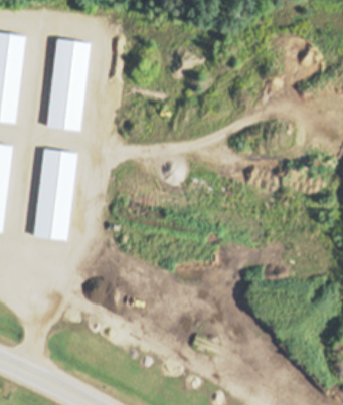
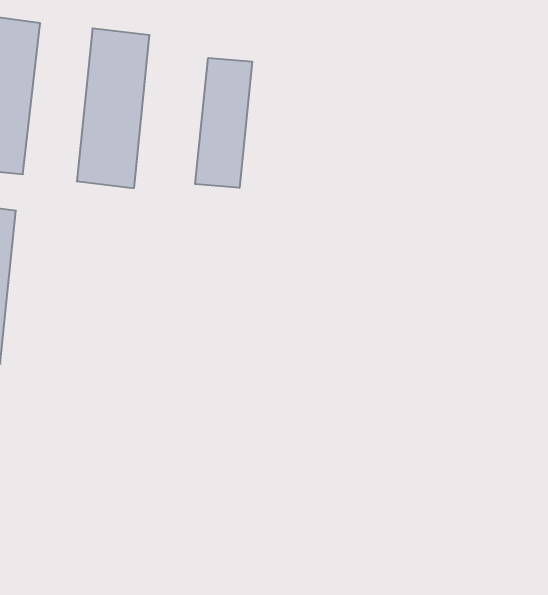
building: none -> [195,58,252,188]
building: [32,148,75,240] -> none

